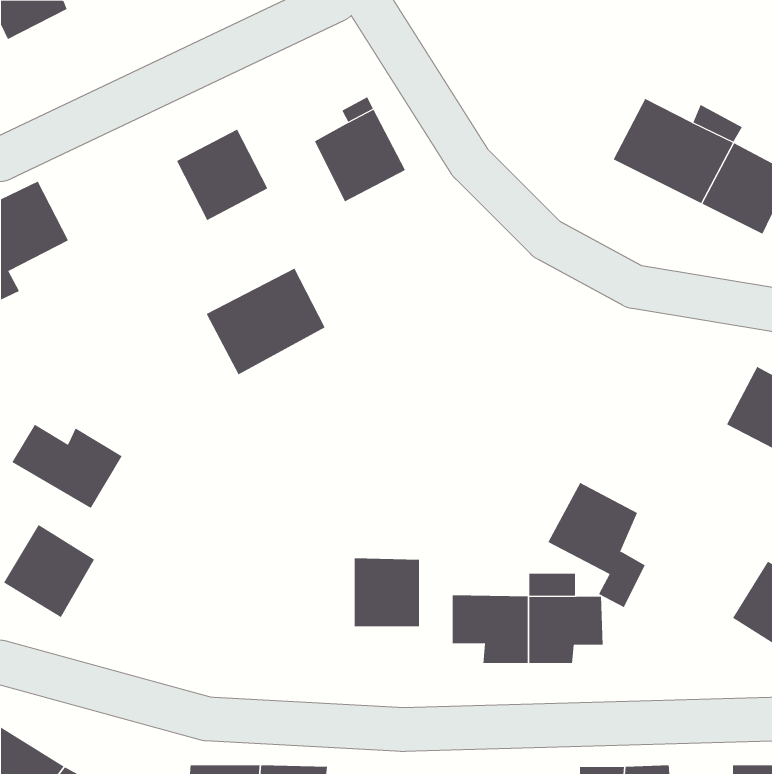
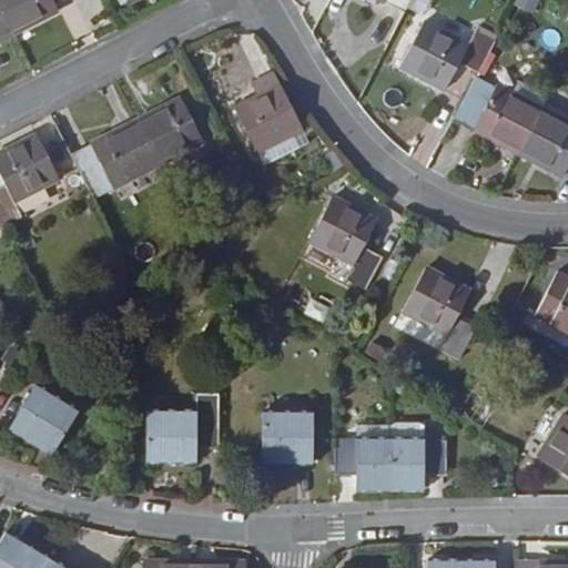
building: none -> [399,24,494,91]
building: none -> [311,197,382,290]
building: [206,268,325,375] -> [71,123,158,201]
building: [11,424,123,509] -> none
building: [548,482,646,608] -> [404,268,475,359]
building: none -> [146,410,219,460]

